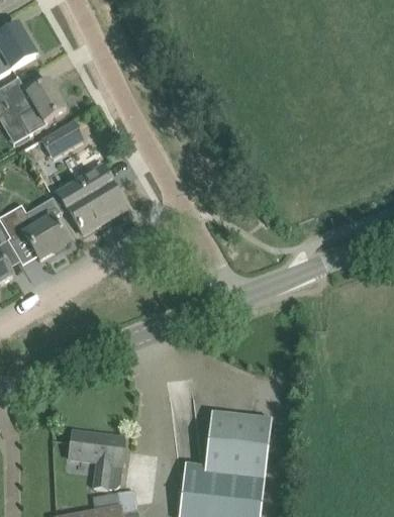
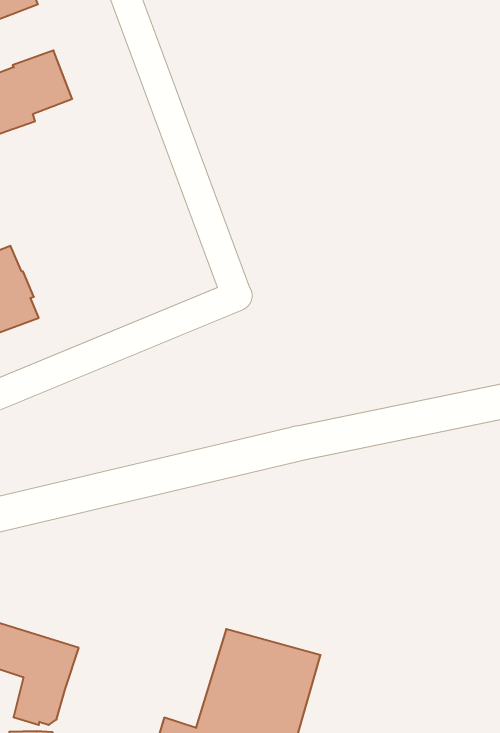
building: [40,119,84,158] -> none
building: [58,166,123,232] -> none

